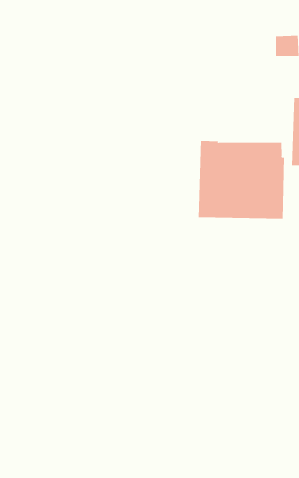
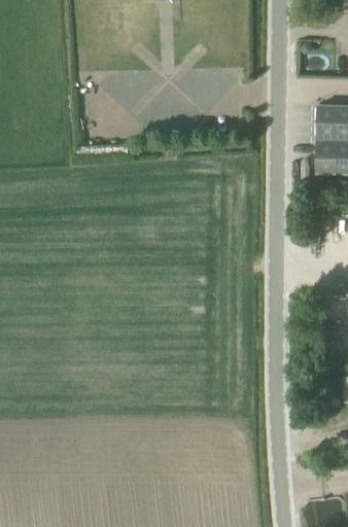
building: [198,140,285,220] -> none

